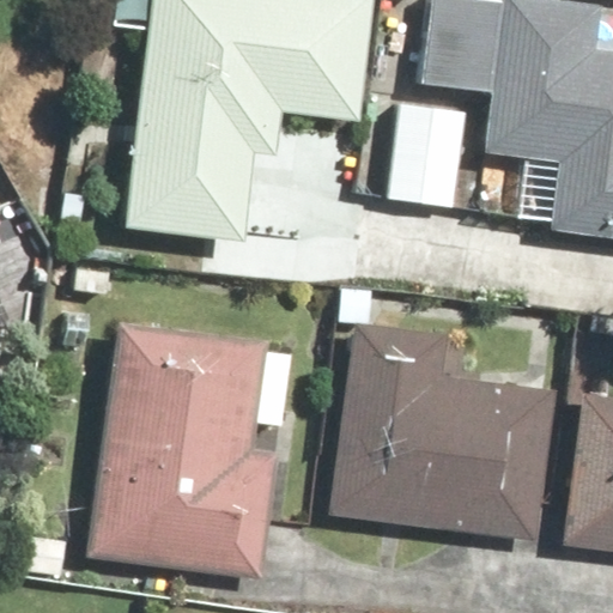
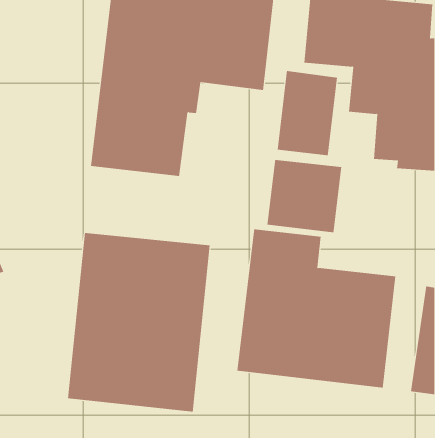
building: none -> [267,159,342,233]

